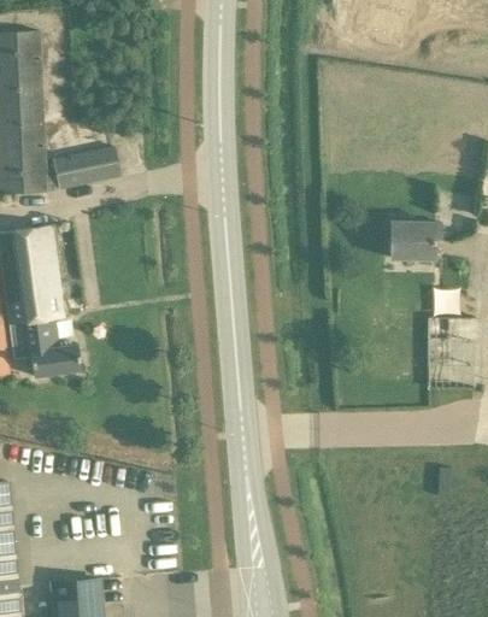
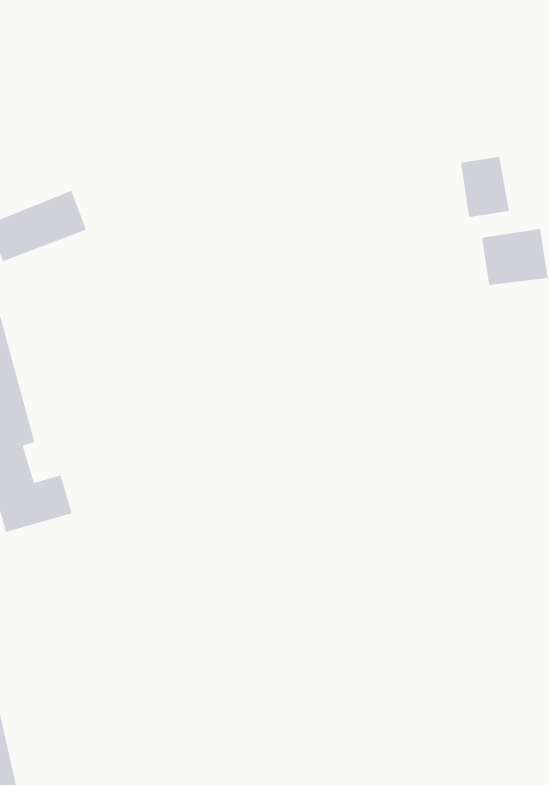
building: none -> [460,156,509,218]

